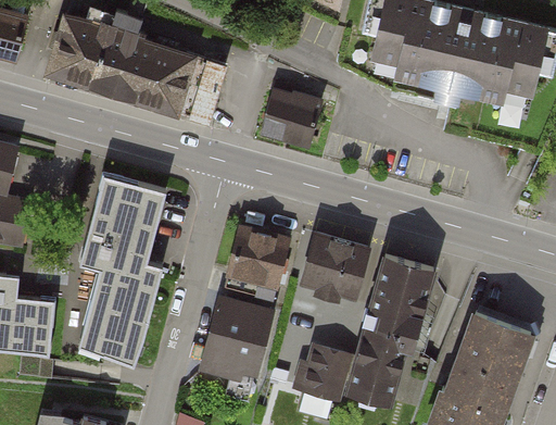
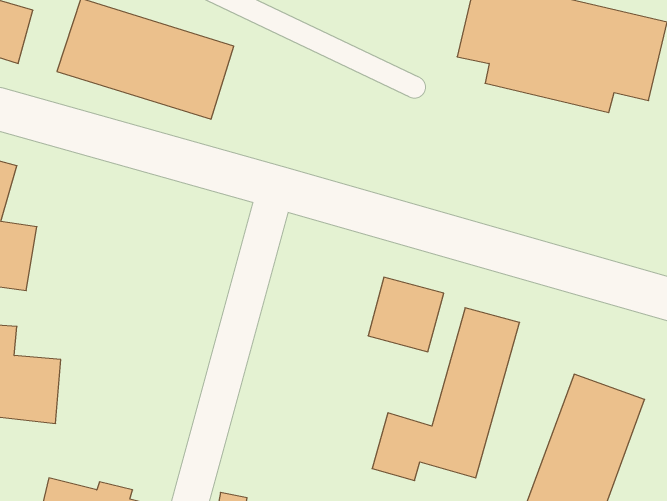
building: [174,49,224,118] -> none
building: [262,91,318,149] -> none
building: [79,174,161,360] -> none
building: [217,229,292,305] -> none
building: [206,298,282,374] -> none

